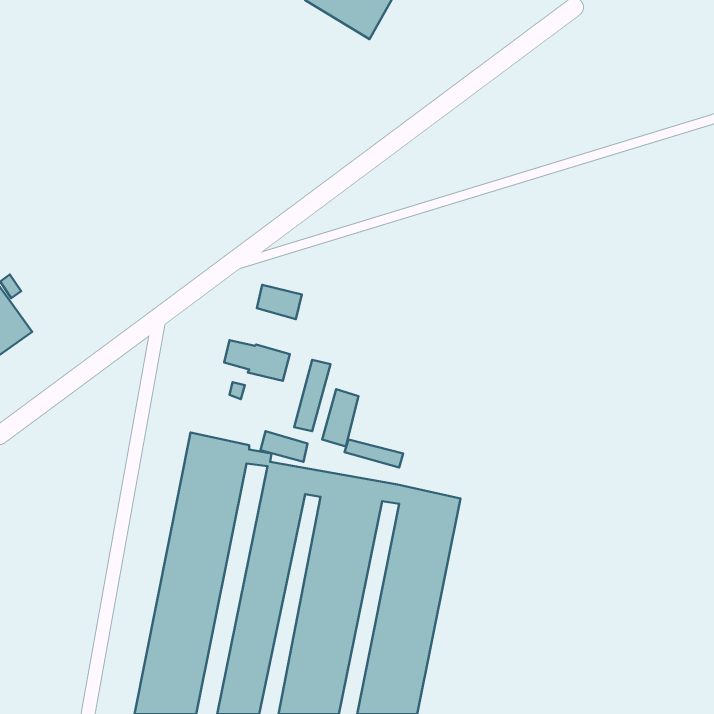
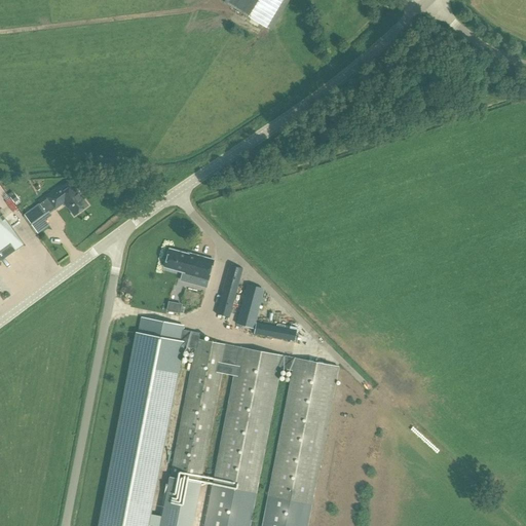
building: none -> [25,182,87,233]
building: [257,285,302,319] -> none
building: [261,431,308,462] -> none

